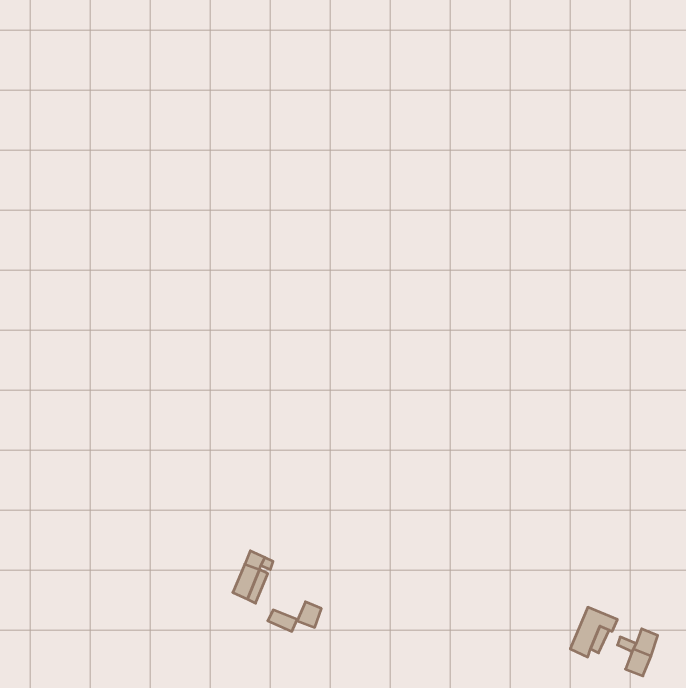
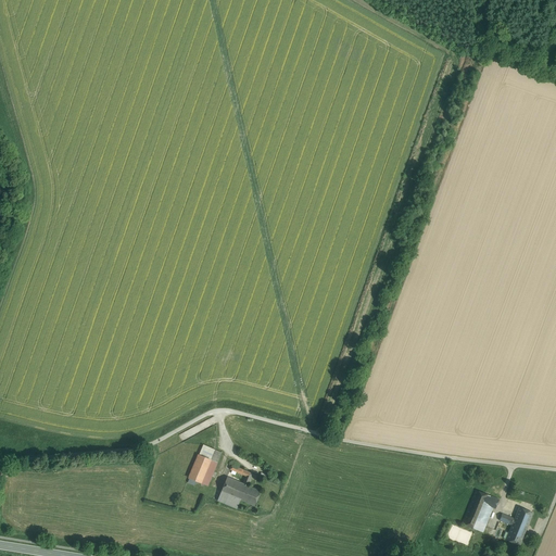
building: none -> [220,465,251,501]

